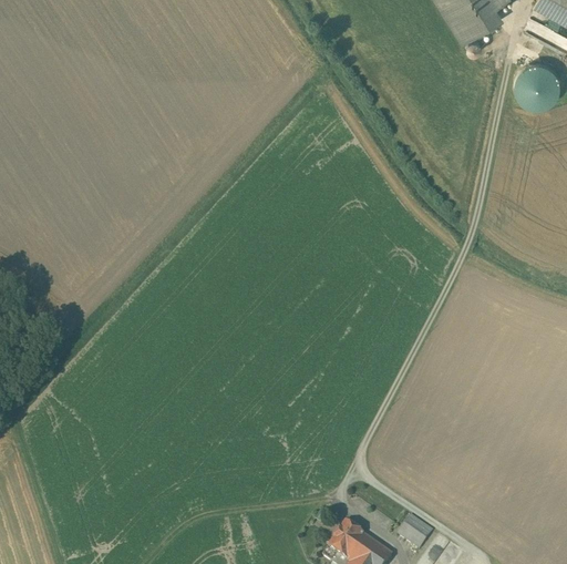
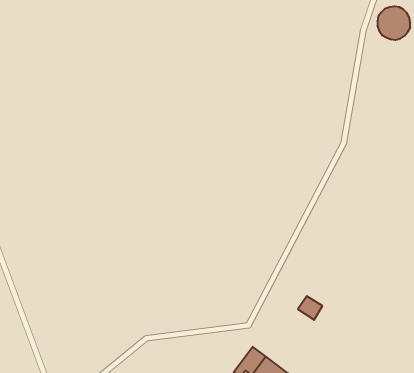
building: [400,513,433,545] -> [298,296,322,320]

